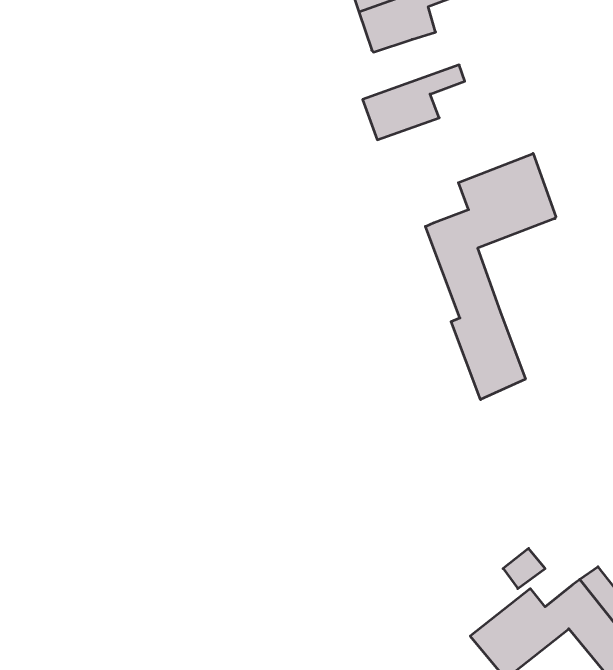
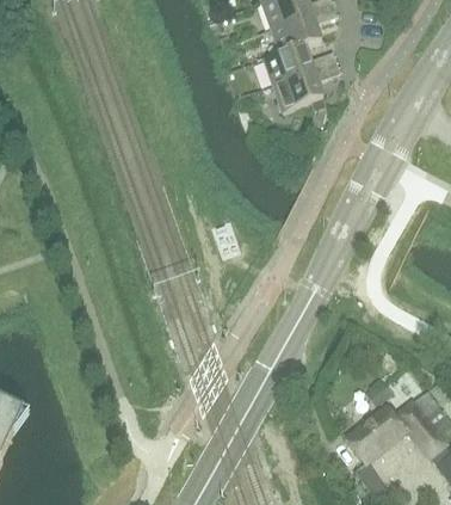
building: none -> [262,44,335,84]
building: [425,153,556,400] -> none

